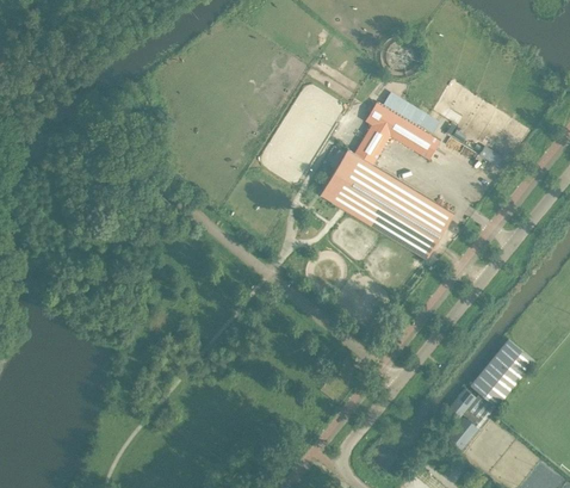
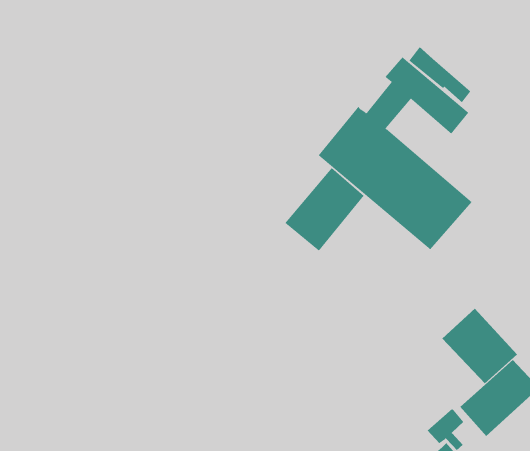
building: none -> [284,167,365,251]
building: none -> [442,308,518,384]

